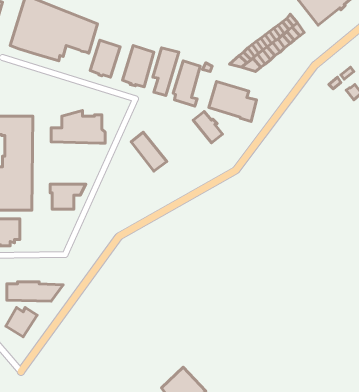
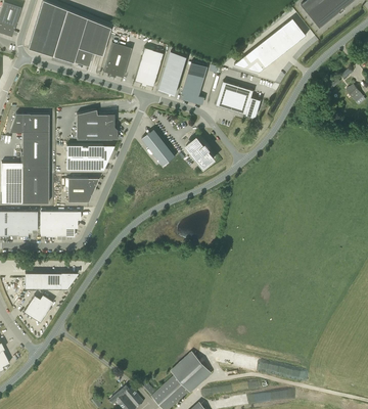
building: [193,112,222,143] -> [186,138,214,168]
building: none -> [66,145,114,171]
building: none -> [40,212,81,237]

